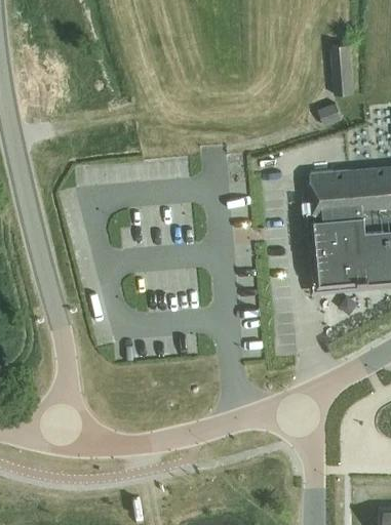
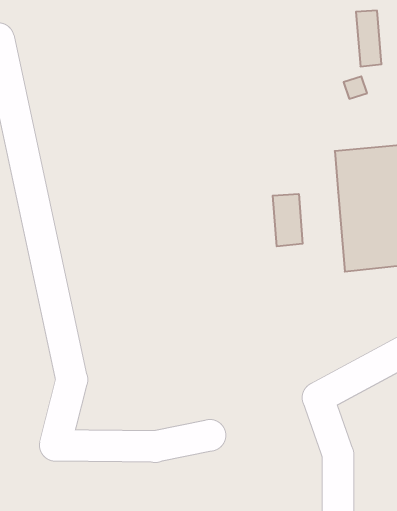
building: none -> [273,194,303,246]

